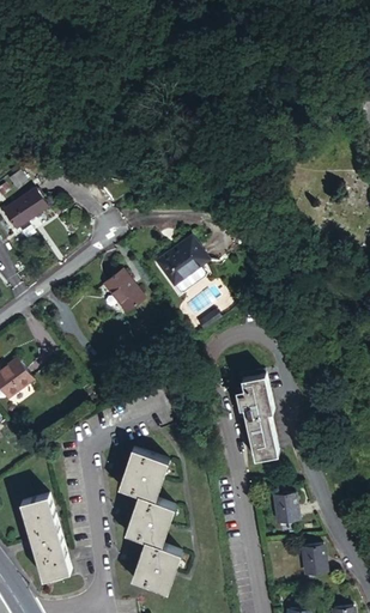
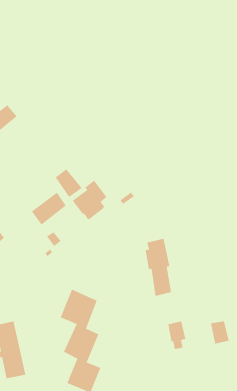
building: [162,239,212,296] -> [72,180,107,220]
building: none -> [31,192,67,225]
building: [301,546,328,579] -> [210,321,230,344]

